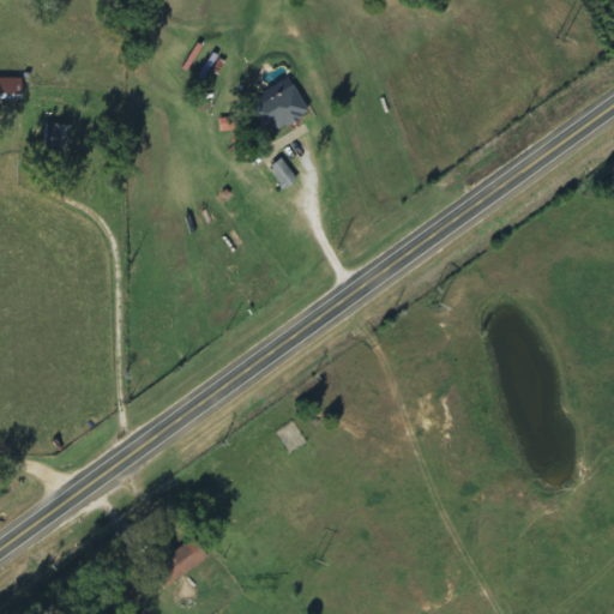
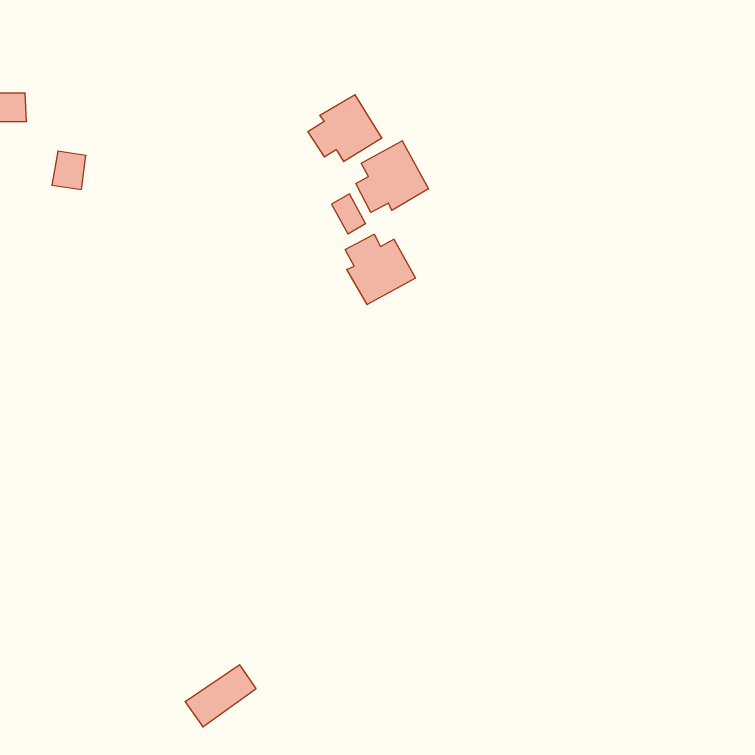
building: none -> [356,141,429,212]
building: none -> [345,234,415,305]

